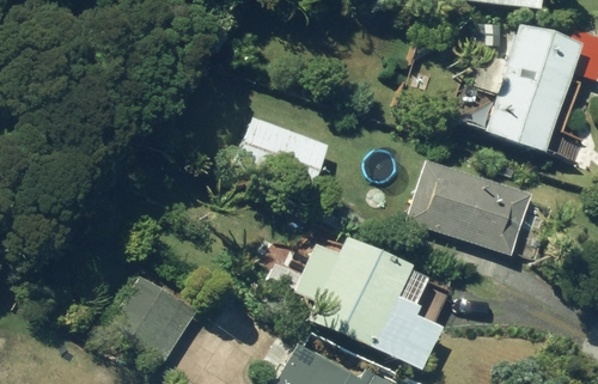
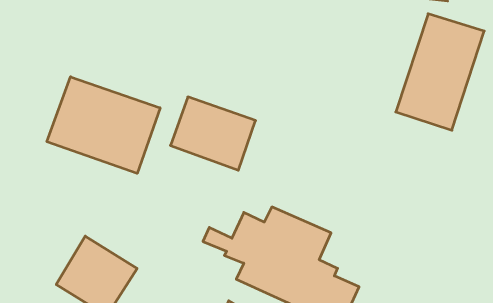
building: none -> [47,77,160,173]
building: [405,158,532,254] -> none

